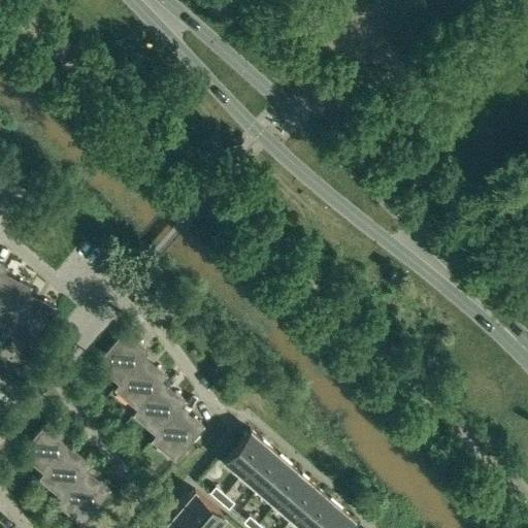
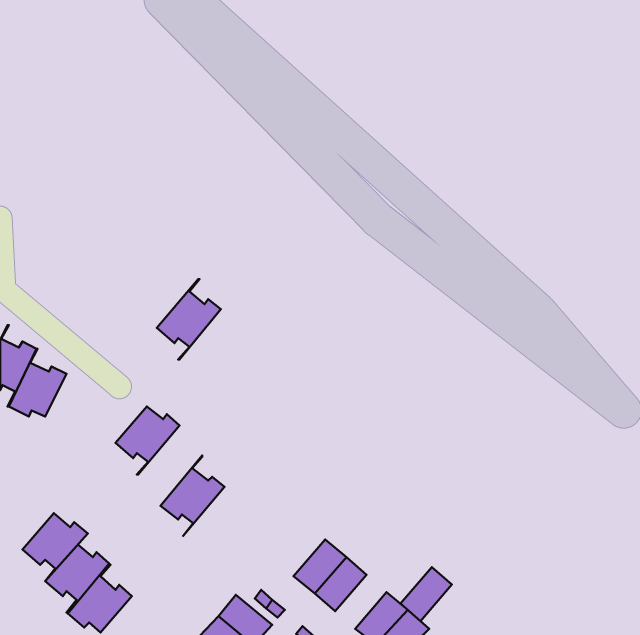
building: [114,355,167,421] -> [157,279,221,359]
building: [152,405,204,461] -> none
building: [225,433,268,478] -> none
building: [276,477,319,522] -> [400,567,452,621]

